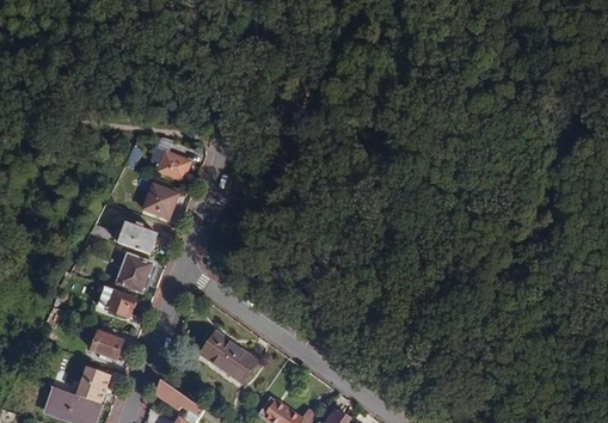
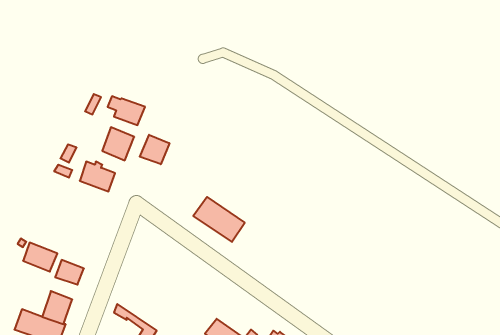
building: none -> [140,135,169,164]
building: [116,253,154,294] -> none
building: [98,286,136,318] -> [23,243,57,272]
building: [199,332,257,382] -> [193,197,245,242]

